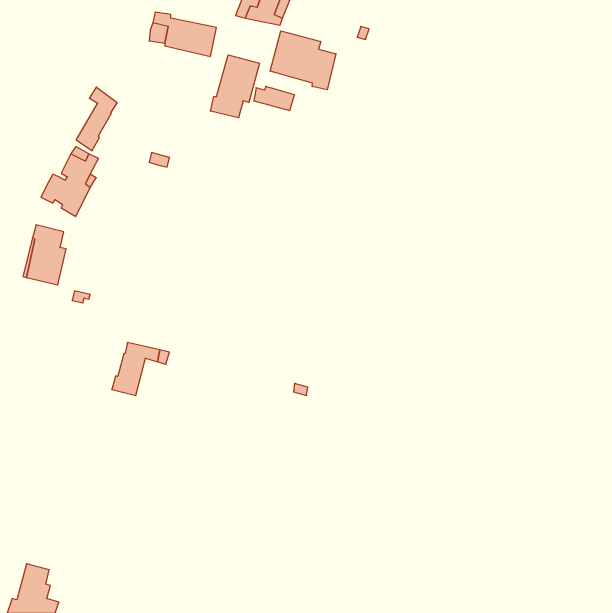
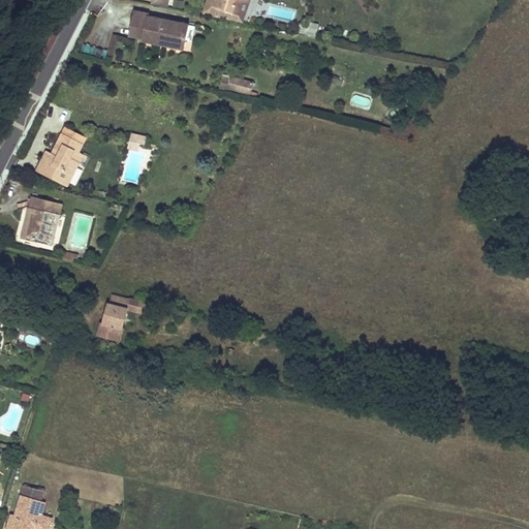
building: [270,31,336,90] -> none
building: [211,55,259,118] -> none
building: [76,87,117,151] -> none

